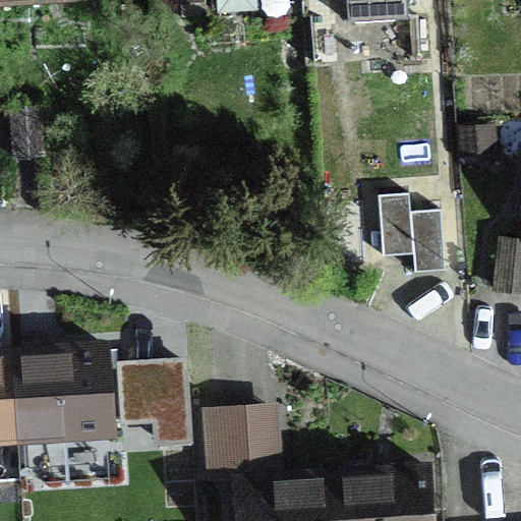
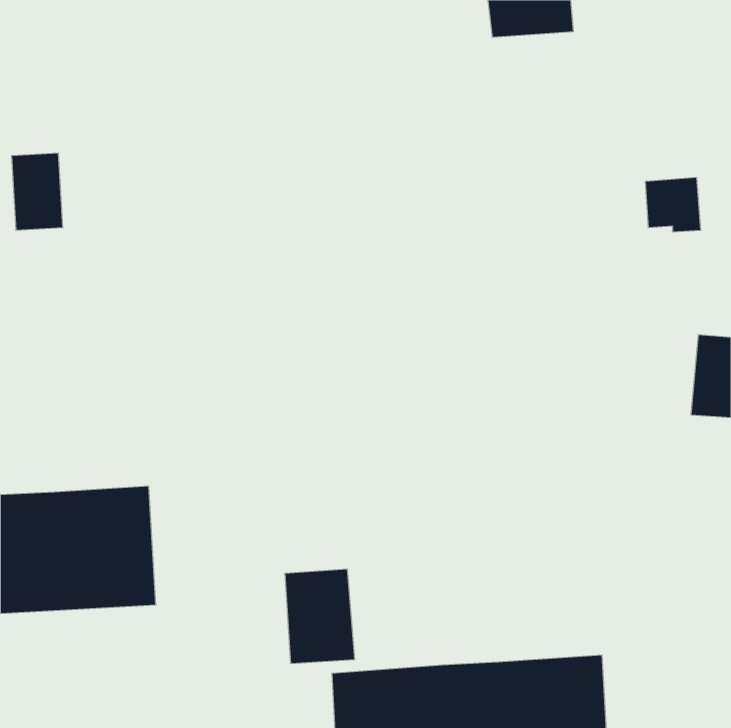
building: [379,198,444,279] -> none
building: [117,353,191,444] -> none

